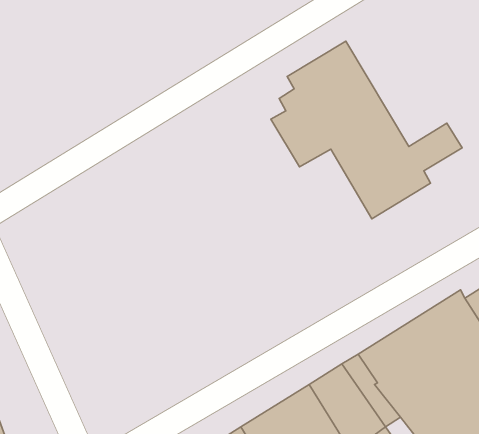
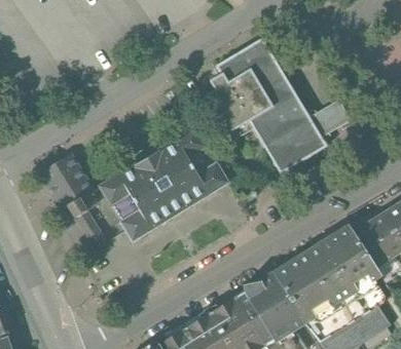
building: none -> [98,127,227,240]
building: none -> [39,153,105,247]

